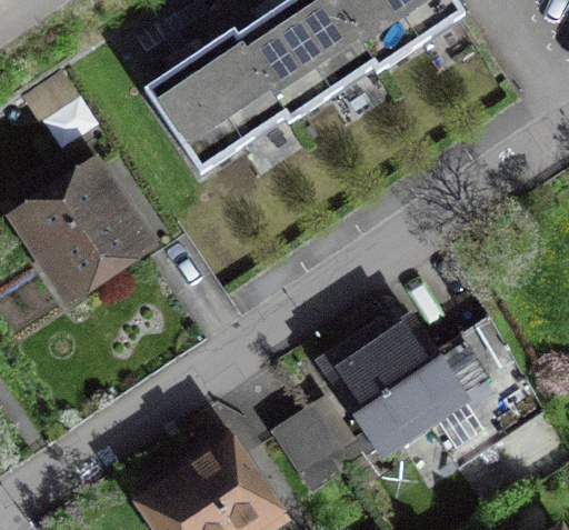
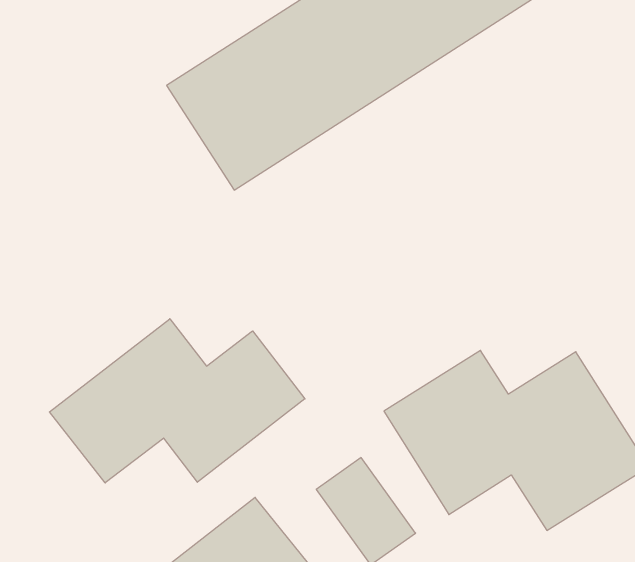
building: [8,159,146,299] -> none
building: none -> [49,319,305,483]

